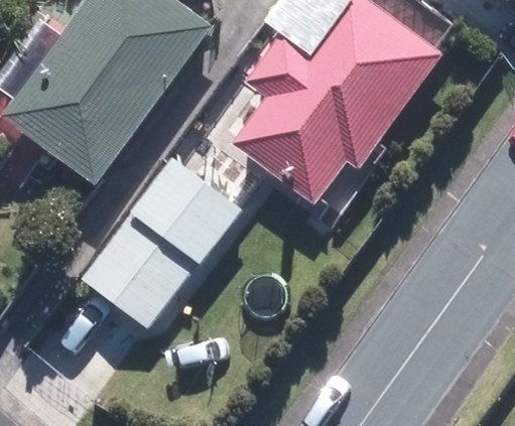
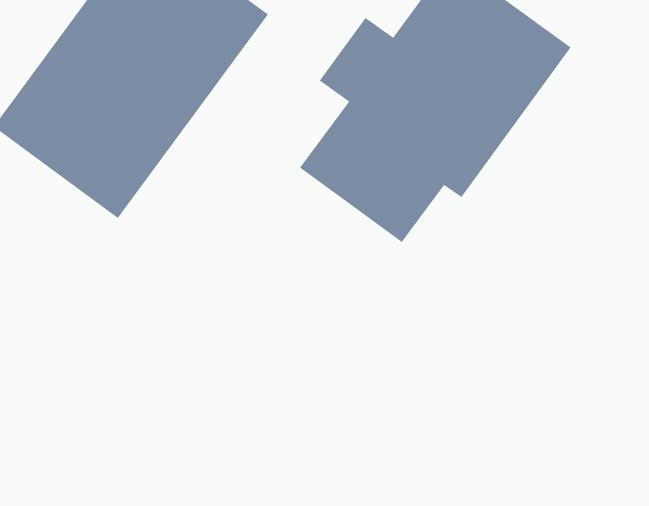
building: [83,157,244,326] -> none

